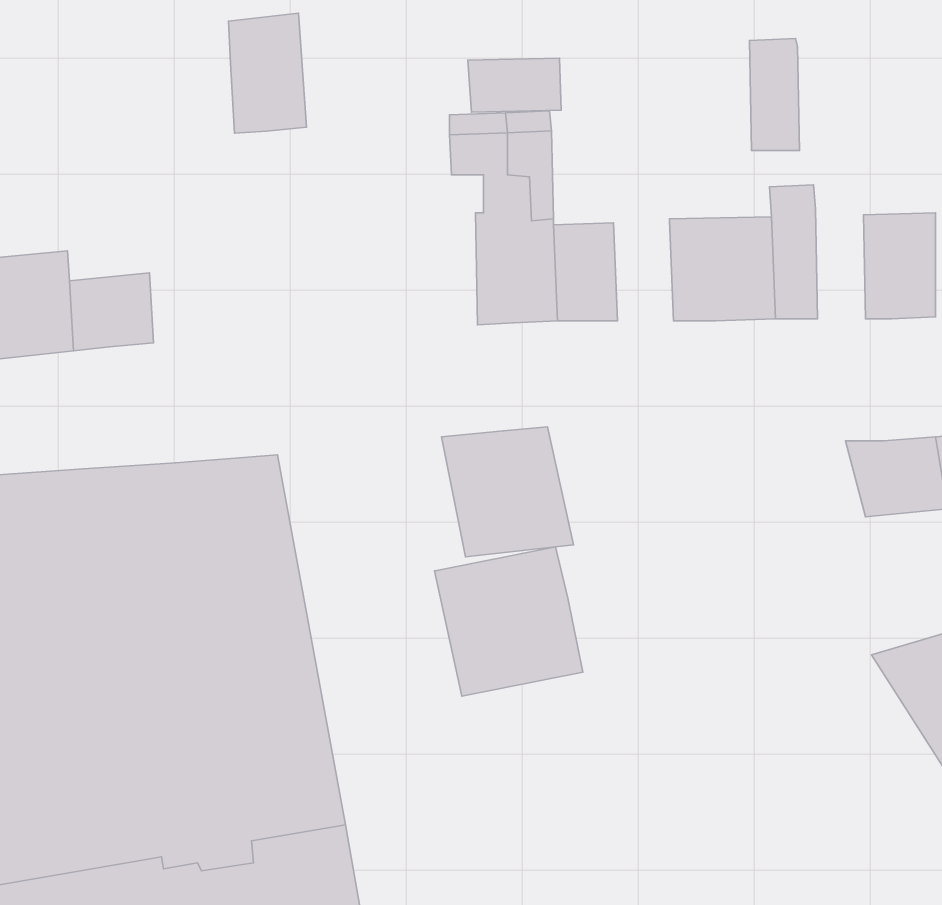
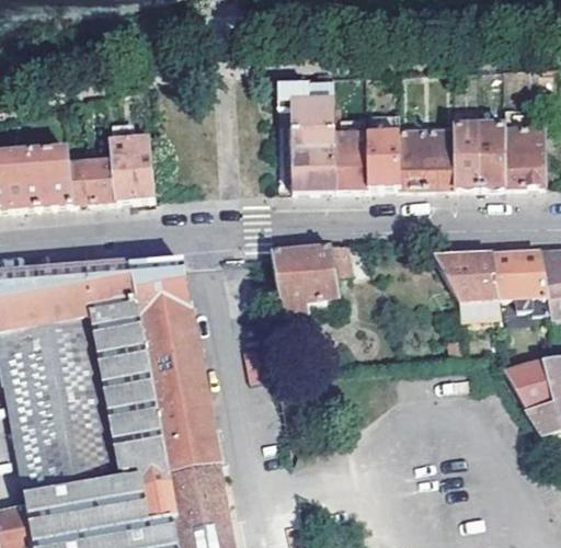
building: [229,13,307,133] -> [111,134,153,199]
building: [750,39,800,151] -> [477,125,504,186]
building: [468,58,561,112] -> none
building: none -> [366,133,399,187]
building: none -> [434,253,508,313]
building: [434,547,583,696] -> none

